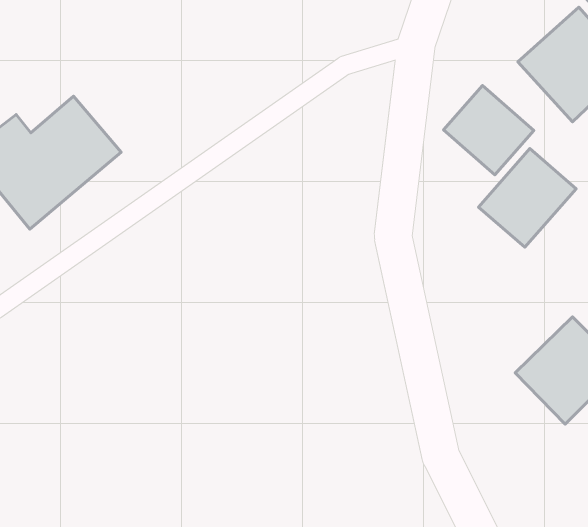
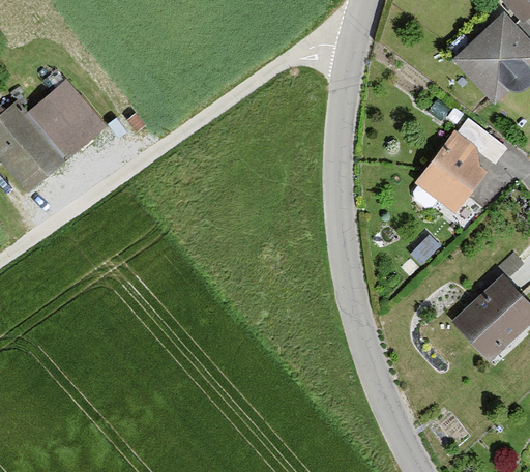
building: [443,86,534,175] -> none

